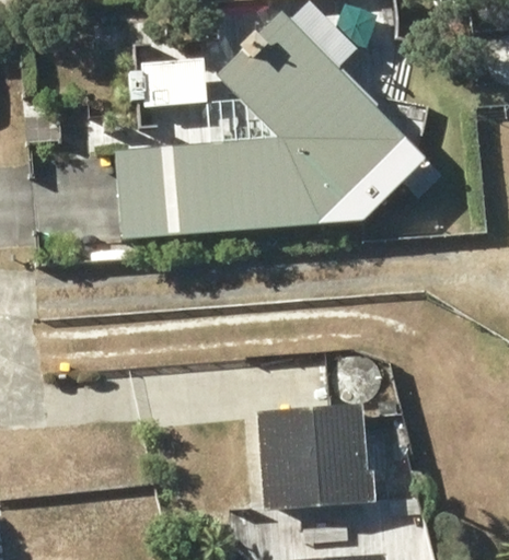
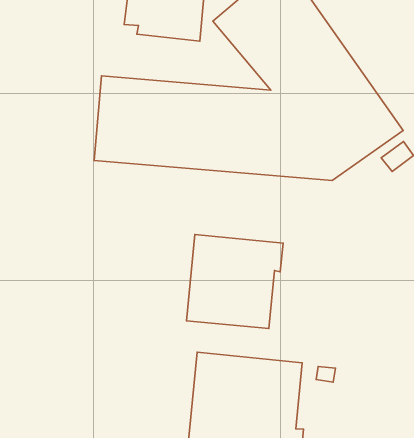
building: none -> [186,235,283,329]

